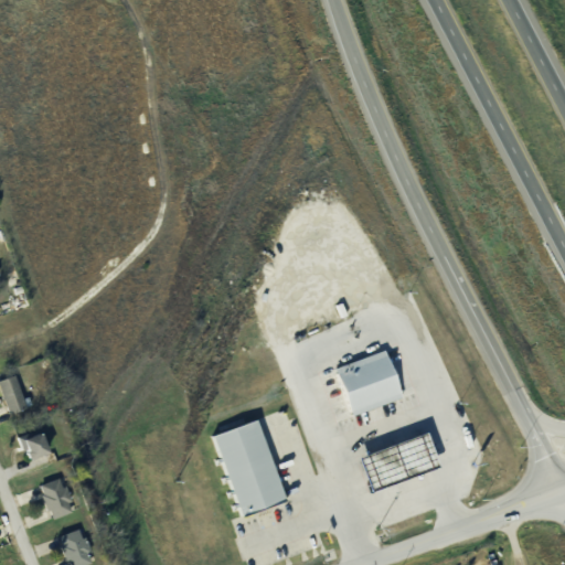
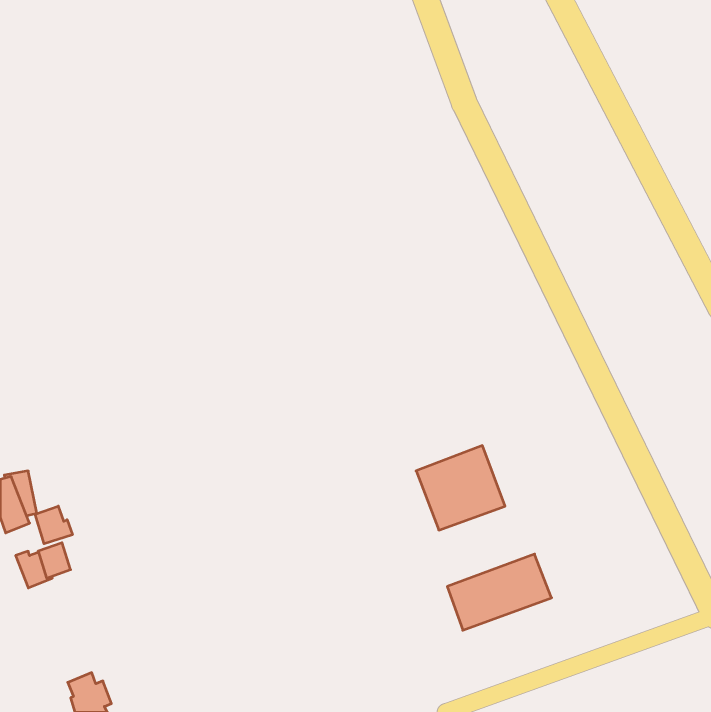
building: none -> [35,506,72,544]
building: [211,418,287,519] -> none
building: [42,477,73,518] -> none

